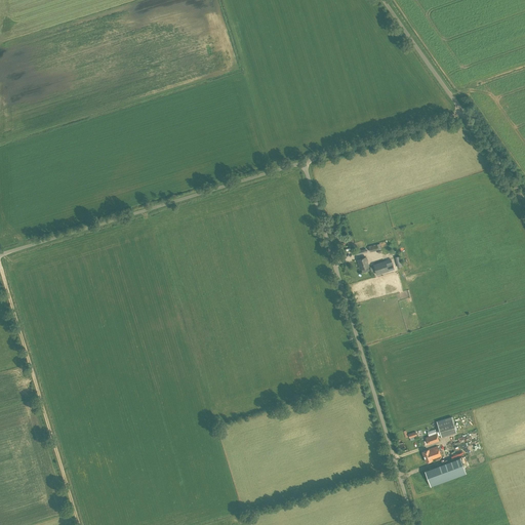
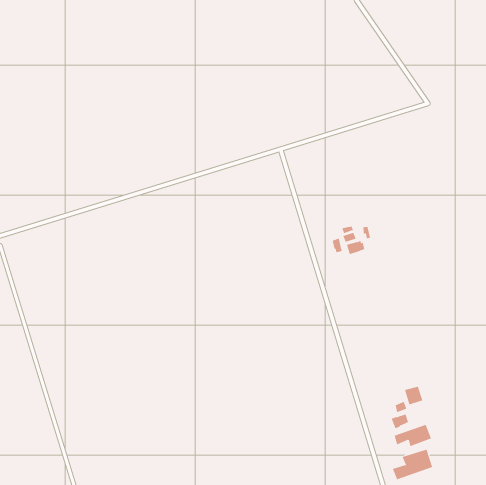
building: none -> [392,449,433,480]

